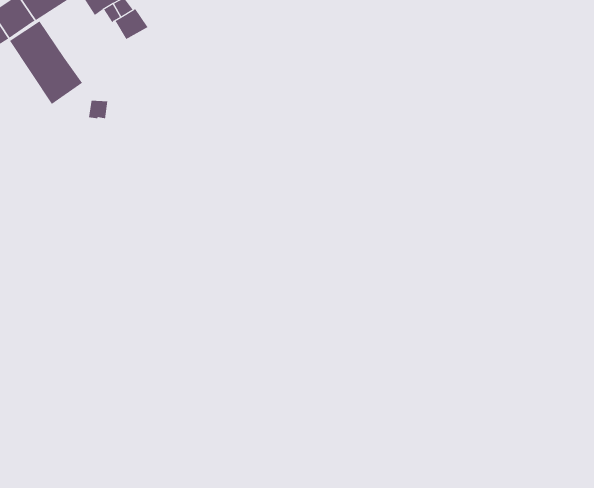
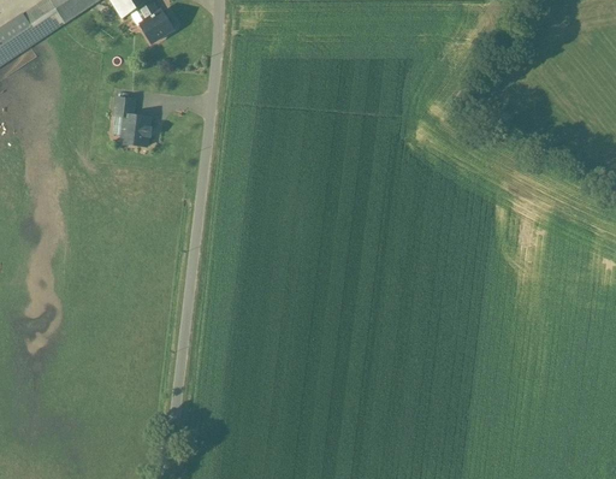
building: [9,20,83,105] -> none
building: none -> [122,116,150,146]

